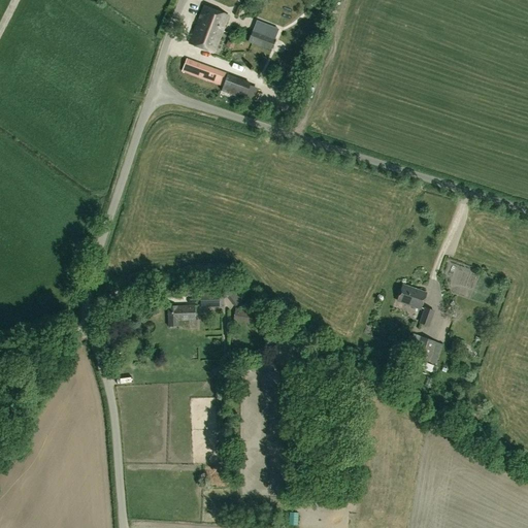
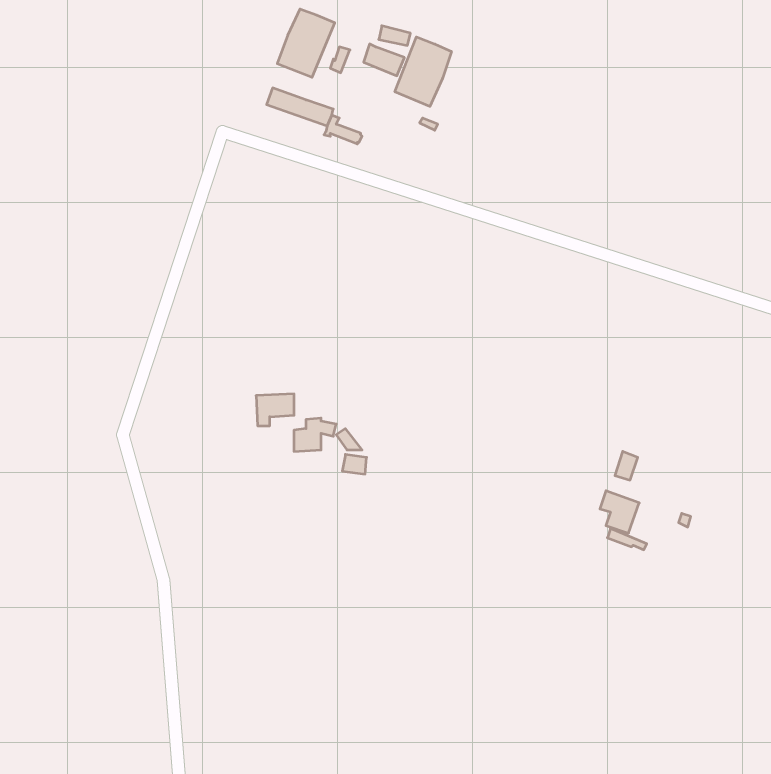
building: none -> [395,37,451,106]
building: [398,285,427,309] -> none
building: [170,305,196,327] -> [256,394,294,426]

